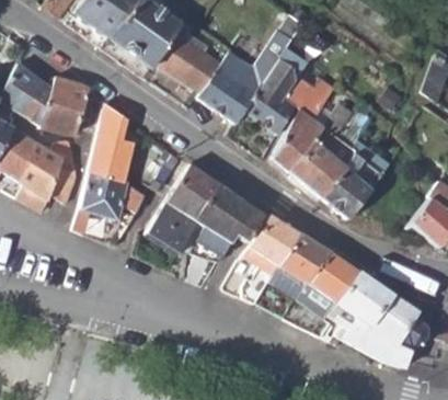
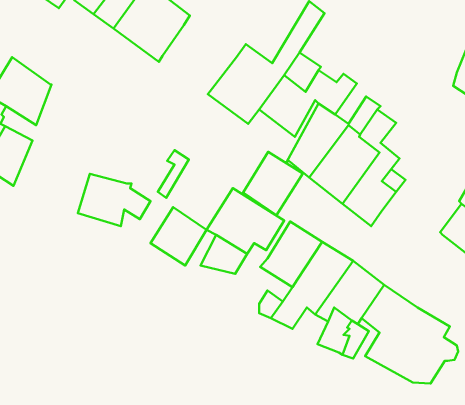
building: [157,34,225,92] -> none
building: [41,76,91,135] -> none
building: [90,119,134,180] -> none
building: [16,139,78,213] -> none
building: [166,164,221,222] -> [243,152,303,215]

